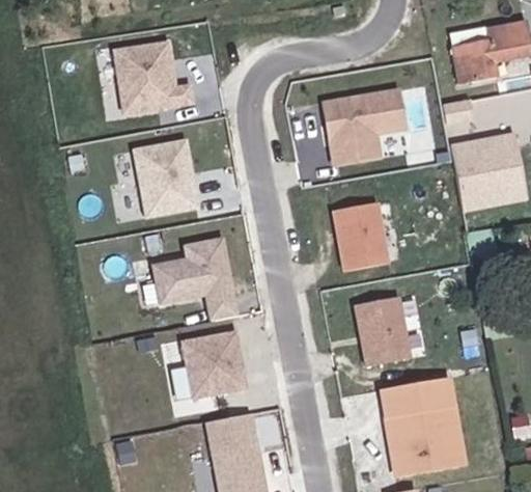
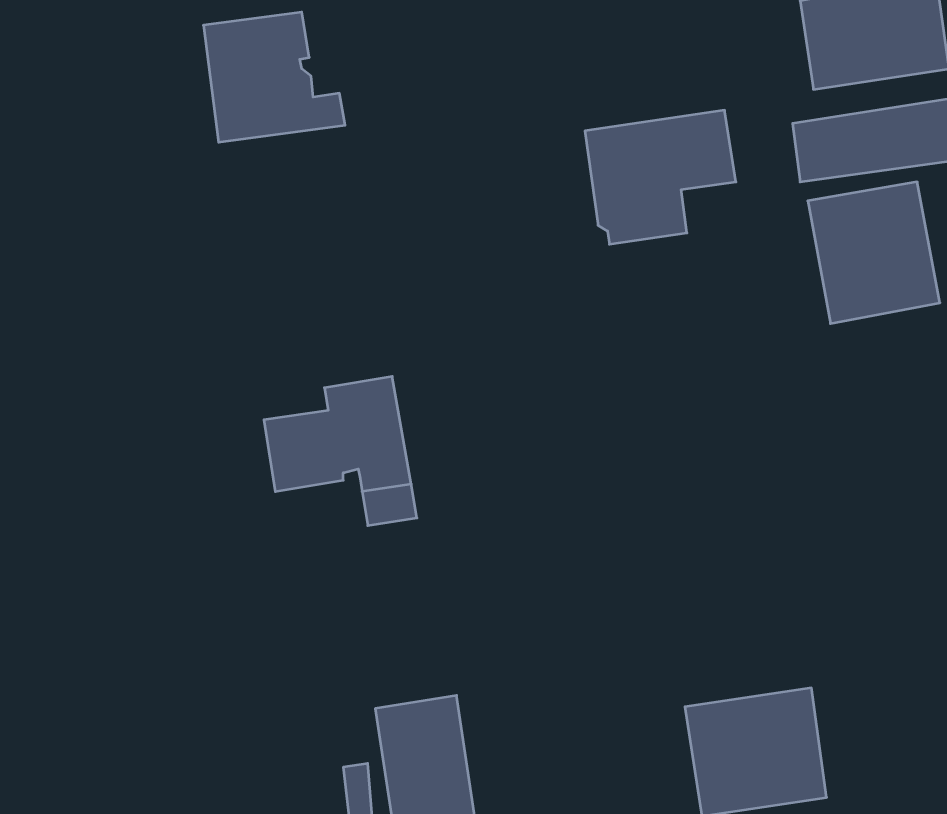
building: [135,137,198,214] -> none
building: [334,203,389,273] -> none
building: [354,300,409,370] -> none
building: [179,332,243,398] -> none
building: [378,382,451,419] -> none

